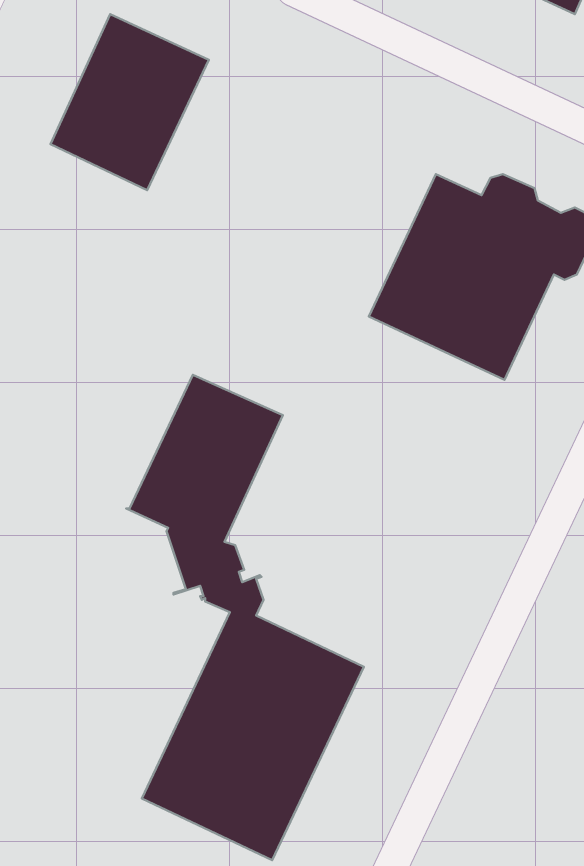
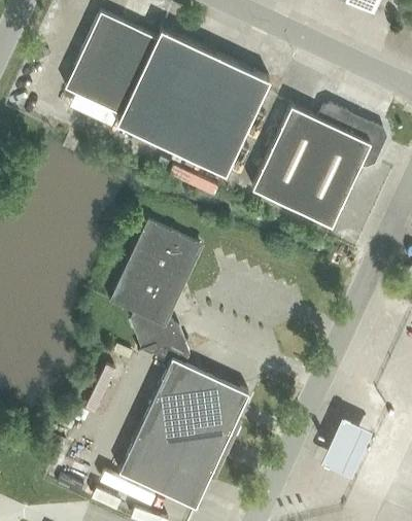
building: none -> [116,32,269,176]
building: none -> [321,421,372,479]

